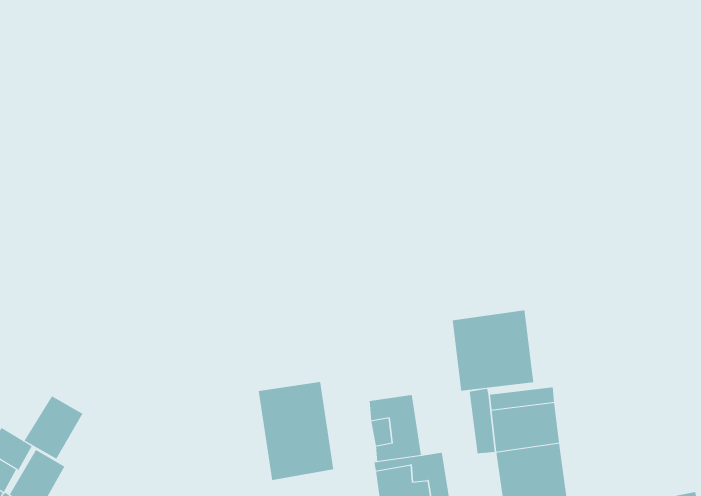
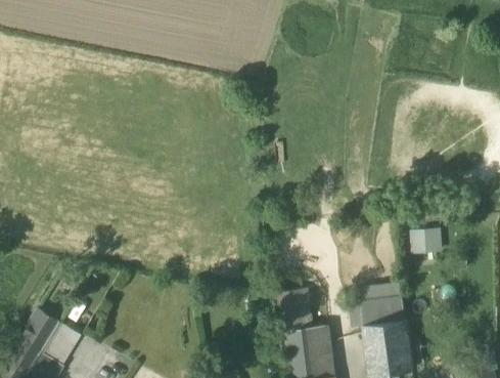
building: none -> [409,229,442,254]
building: [452,310,534,391] -> none
building: [258,381,334,481] -> none
building: [24,396,83,459] -> none

